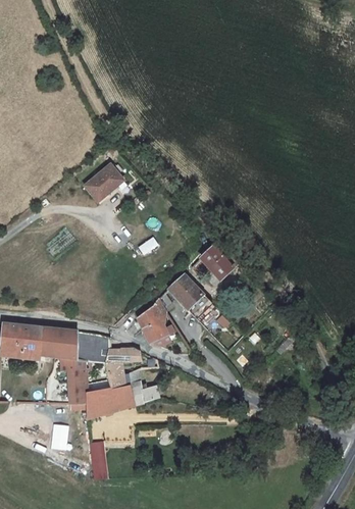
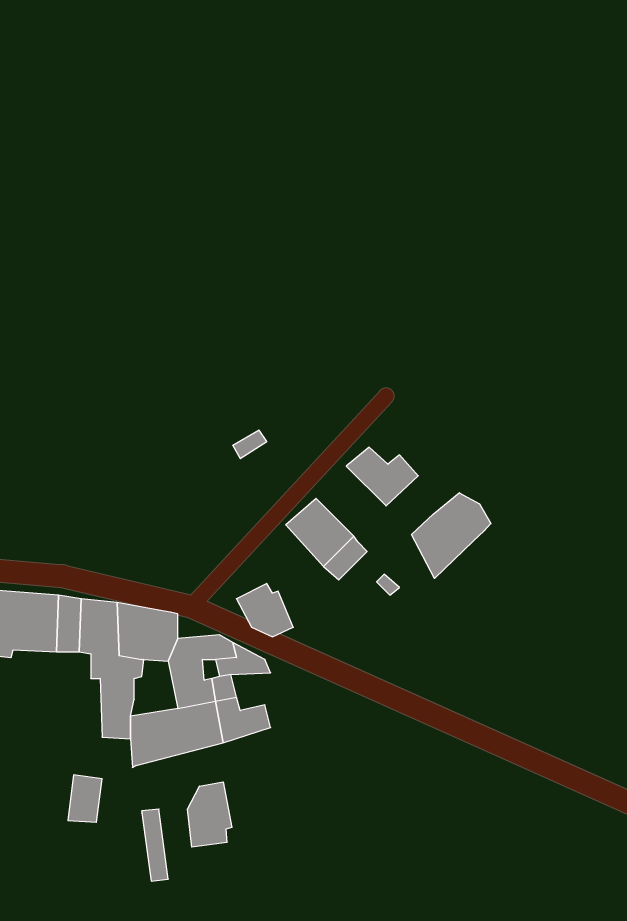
building: [85,166,123,202] -> none
building: none -> [412,493,491,578]
building: [137,298,168,327] -> none
building: none -> [187,782,232,847]

